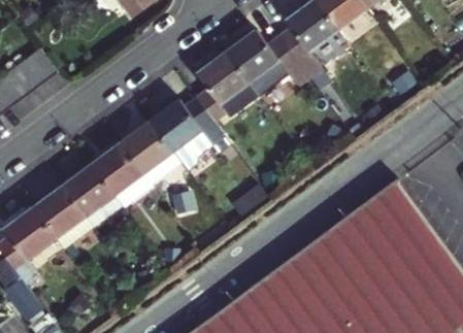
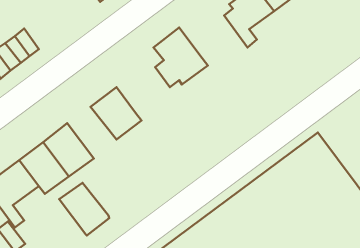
building: [224,30,305,85] -> none
building: [148,99,227,154] -> none
building: [90,146,150,209] -> [59,183,109,235]

